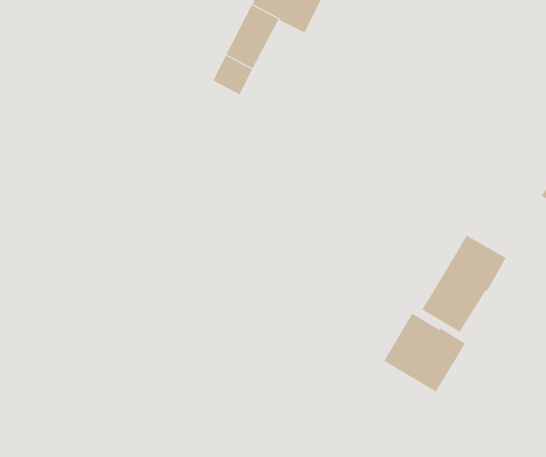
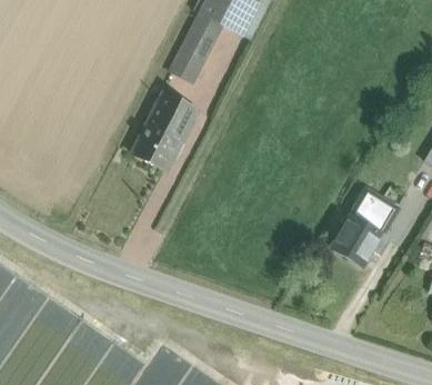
building: none -> [132,93,198,172]
building: [384,313,466,392] -> none

